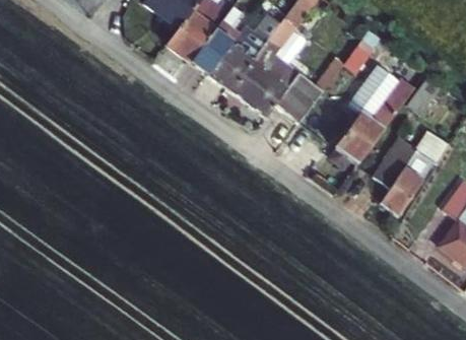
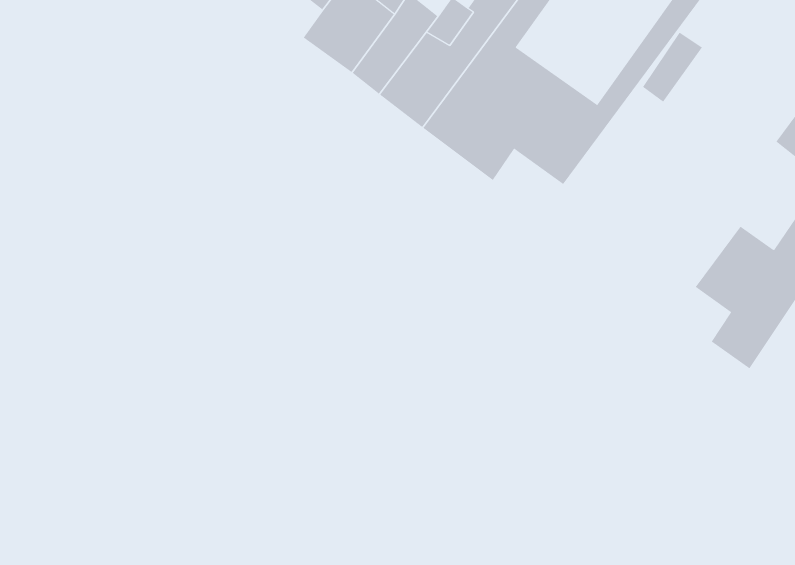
building: [332,62,415,166] -> none

